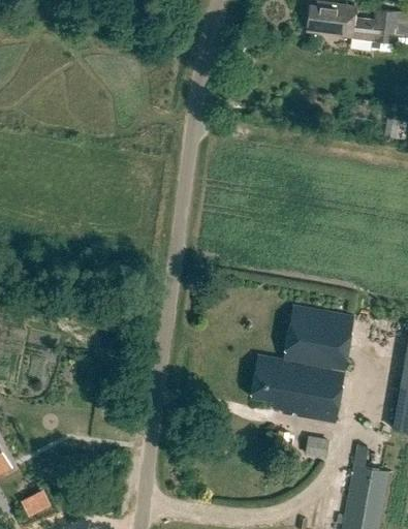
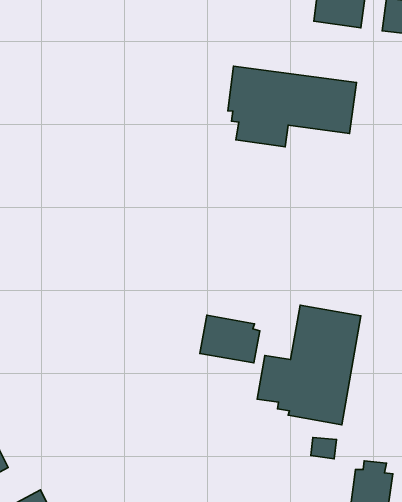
building: none -> [228,66,357,147]
building: none -> [200,315,260,363]

